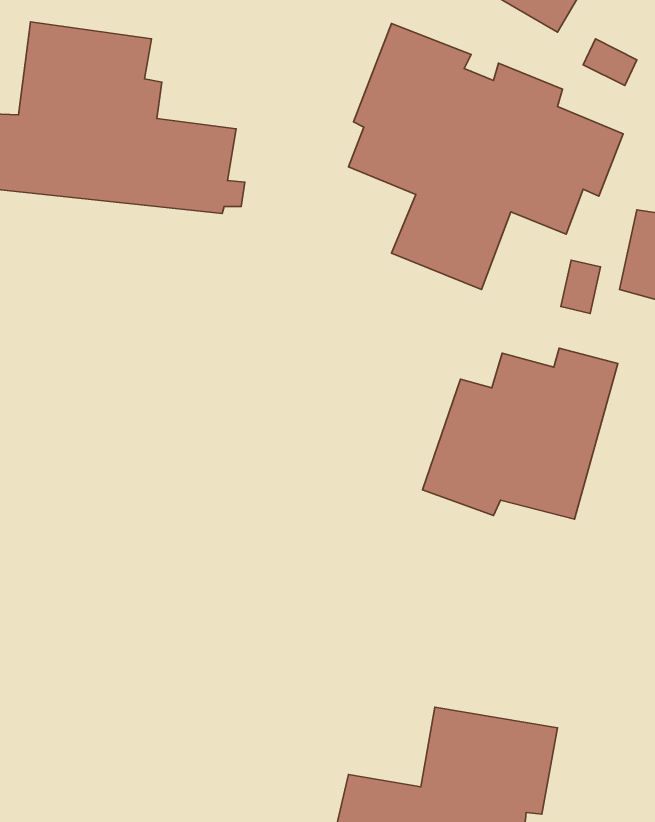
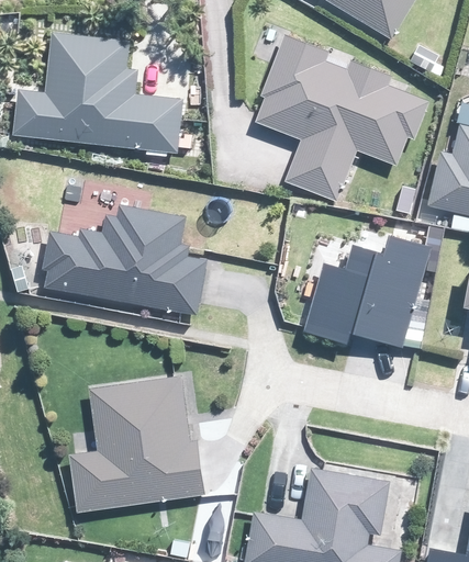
building: none -> [41,207,204,311]
building: none -> [69,372,208,514]

